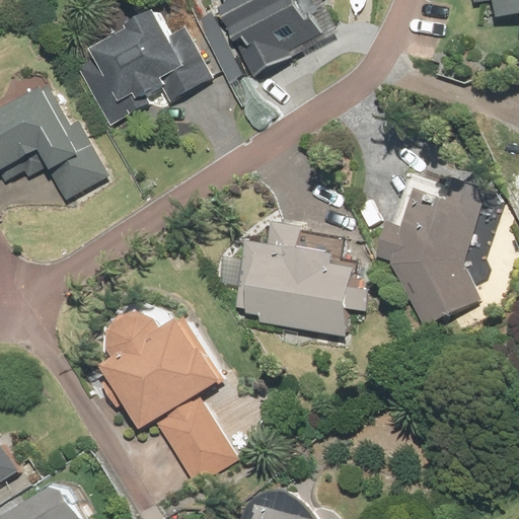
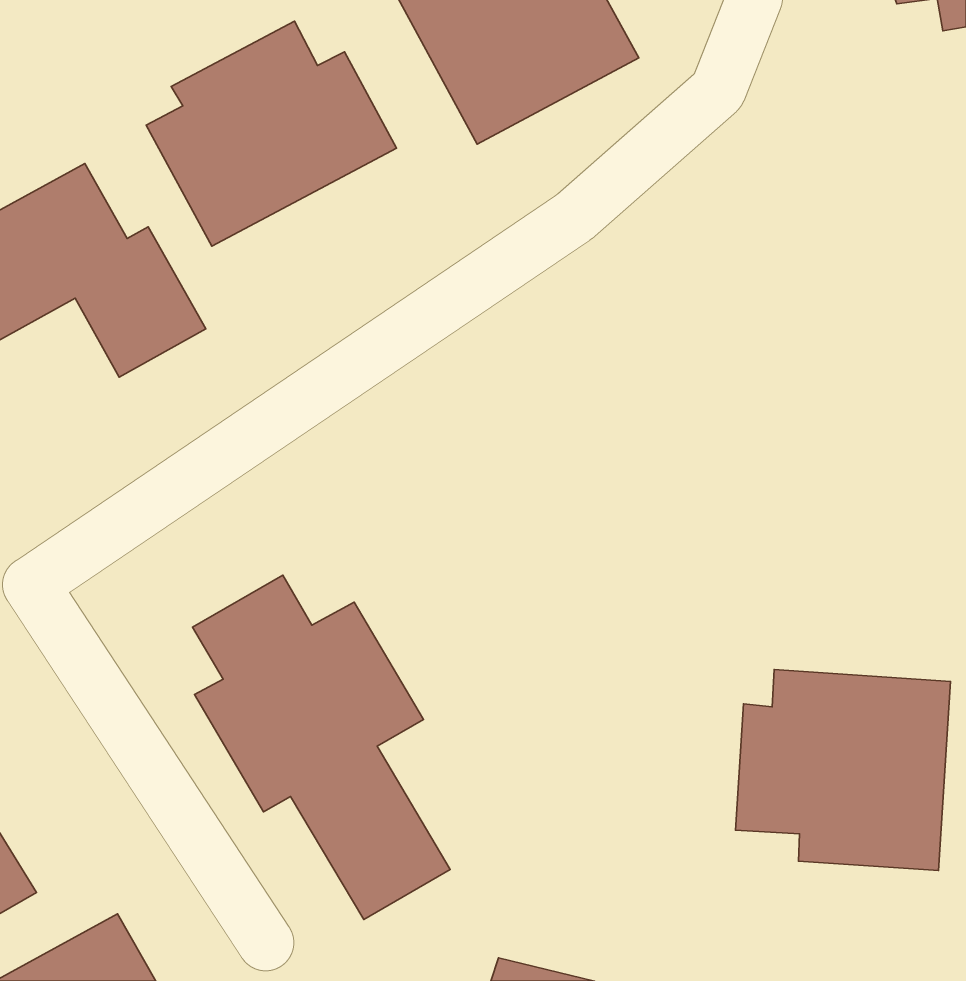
building: [376,177,487,327] -> none
building: [233,239,357,332] -> none
building: none -> [735,669,951,871]

